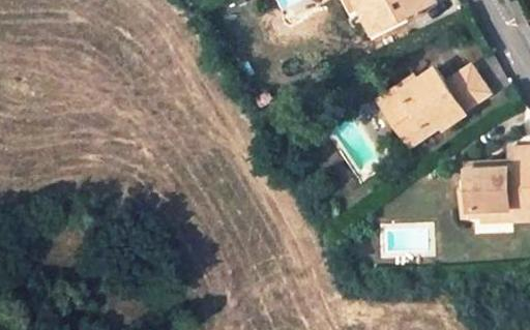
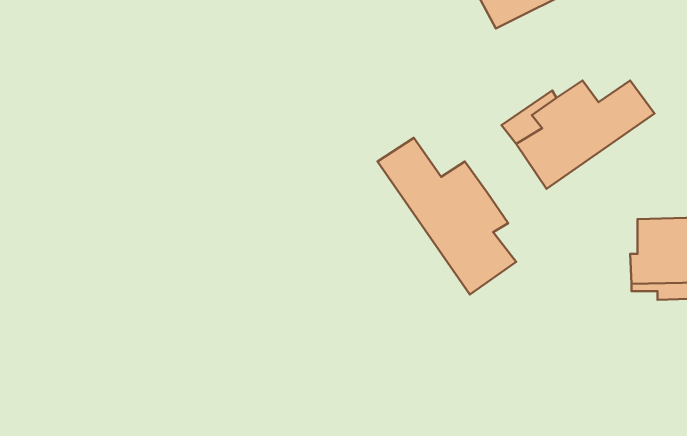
building: none -> [378,138,516,295]

